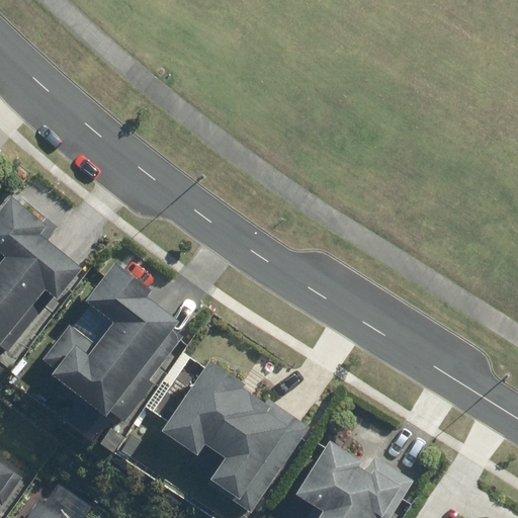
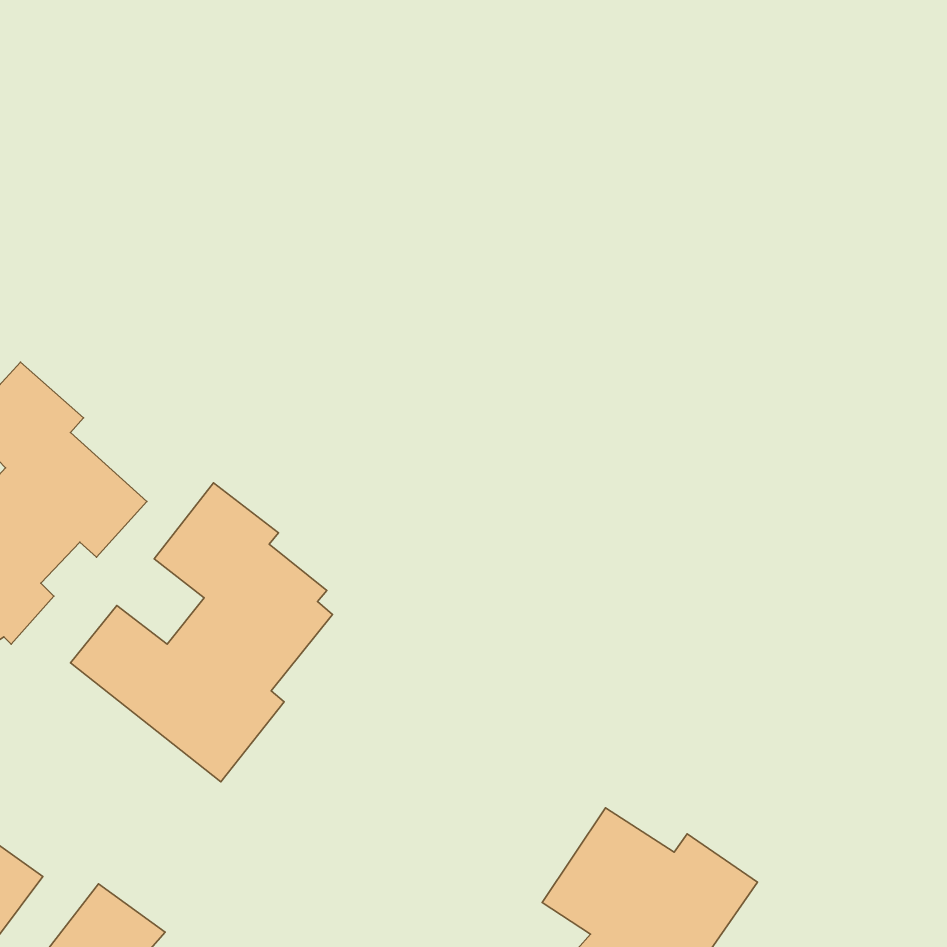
building: [159,363,309,513] -> none

